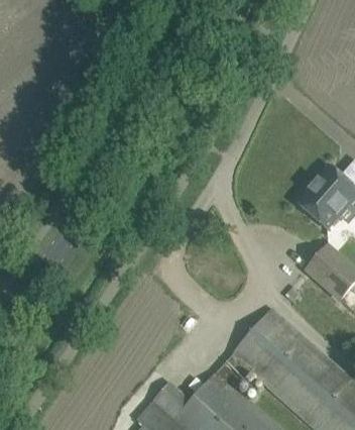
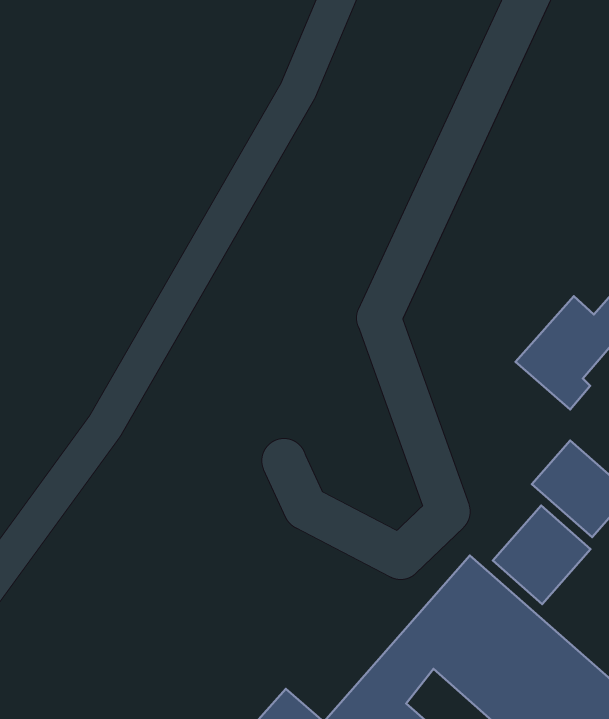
building: none -> [493,505,591,604]

